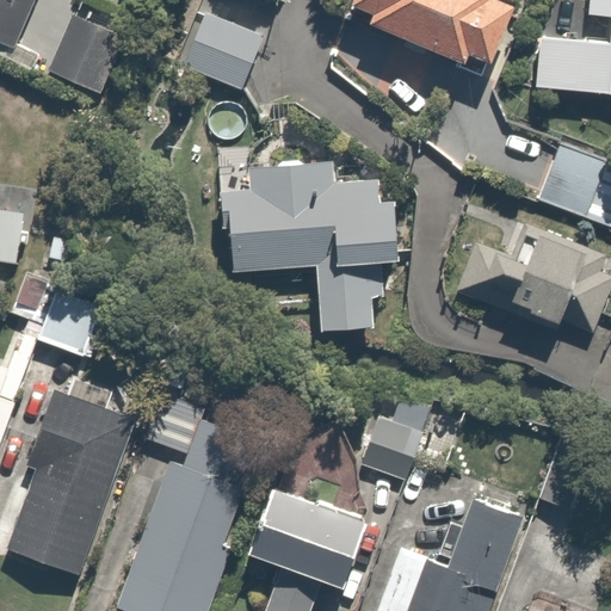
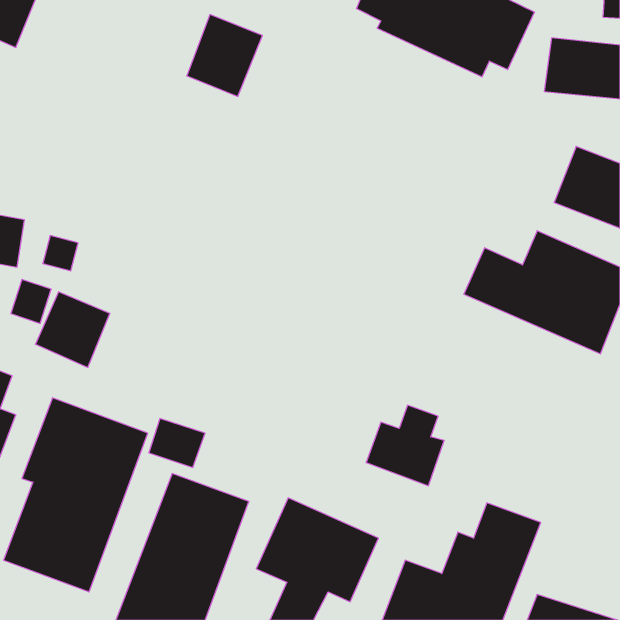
building: [47,7,119,88] -> none
building: [222,156,405,332] -> none

